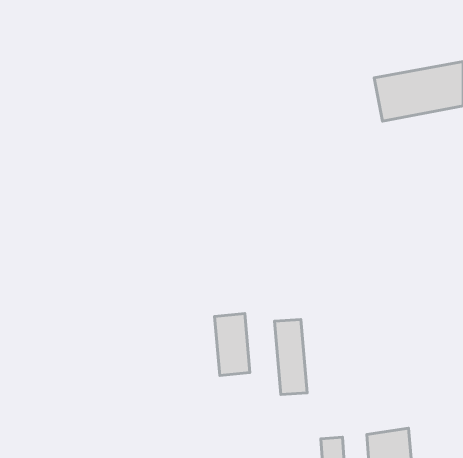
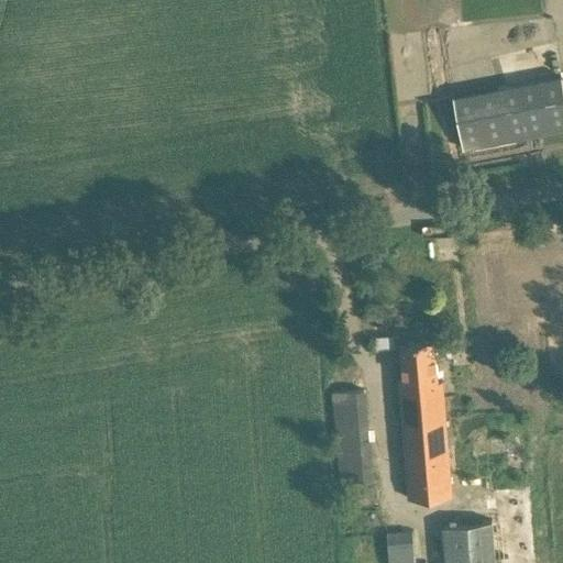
building: none -> [399,343,452,503]
building: [215,314,250,376] -> none

